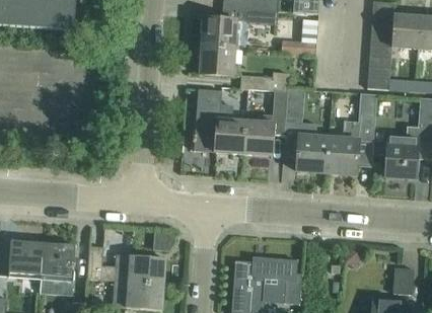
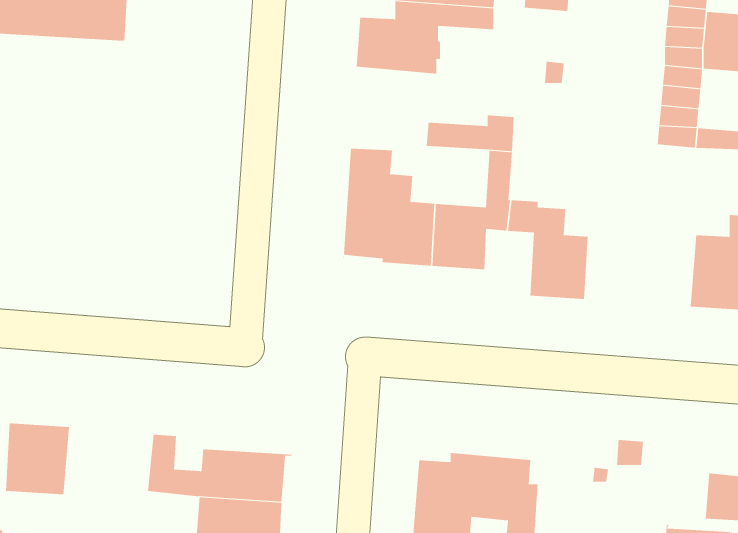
building: [199,44,245,75] -> none
building: [327,92,376,173] -> none
building: [41,241,75,293] -> none

